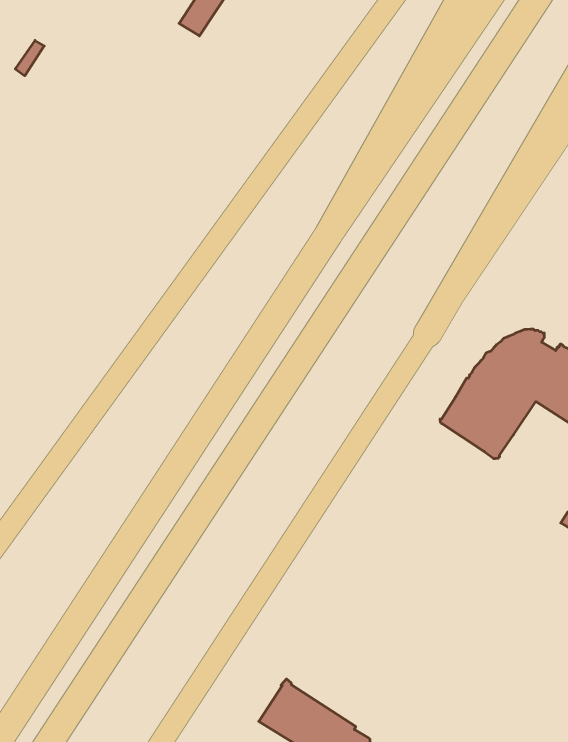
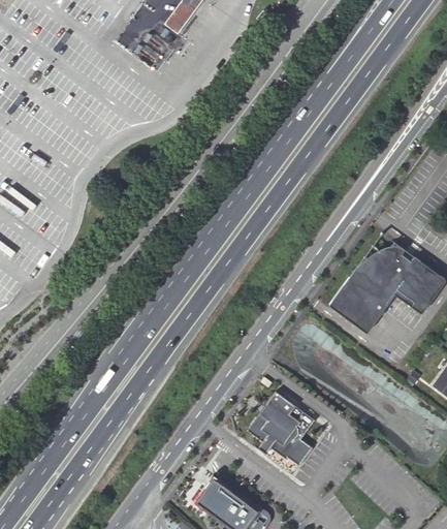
building: none -> [247,392,315,465]

